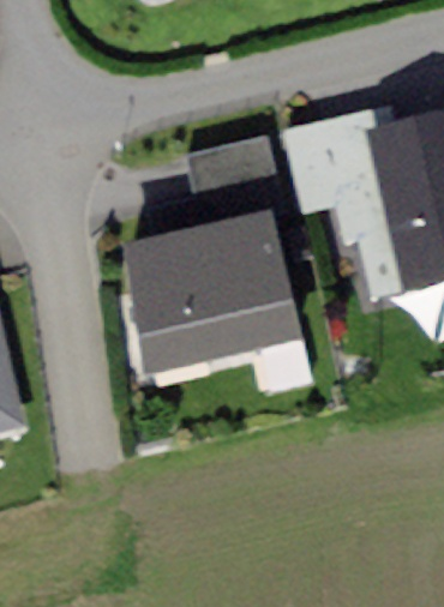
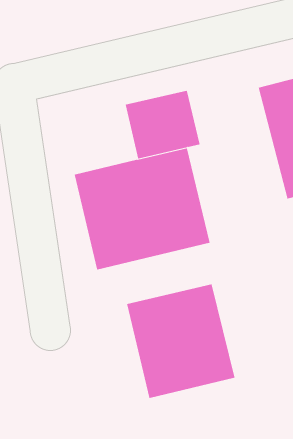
building: [286,114,401,289] -> none
building: none -> [126,283,235,399]

